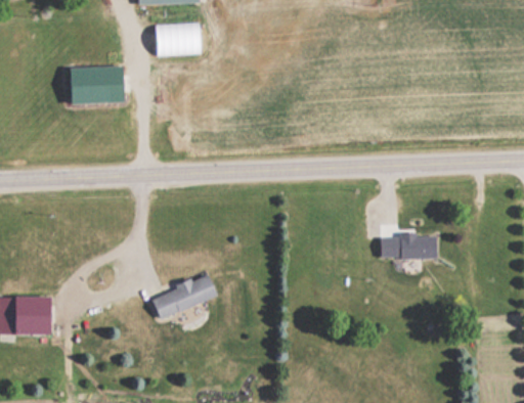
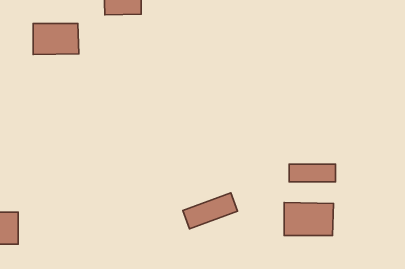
building: [151,274,218,318] -> [183,193,237,229]
building: none -> [284,203,333,235]

